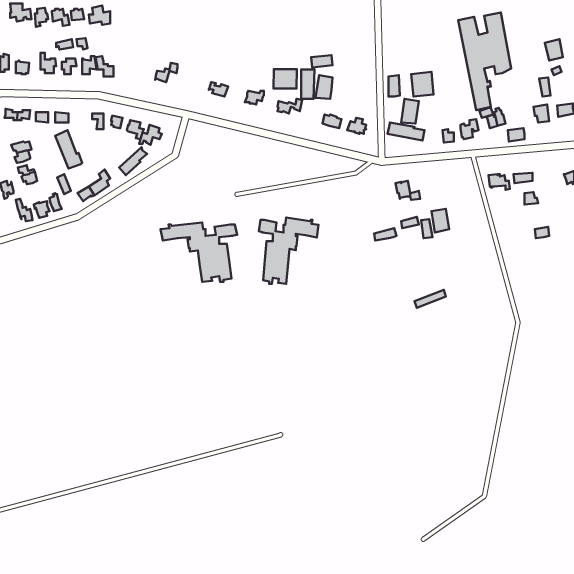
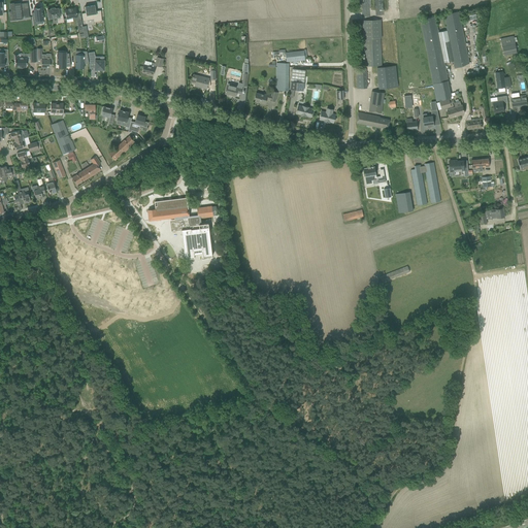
building: none -> [362,20,382,66]
building: [274,69,297,89] -> none
building: none -> [410,162,440,205]
building: [259,217,319,284] -> none

